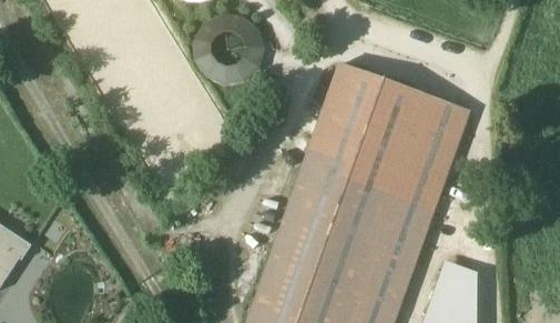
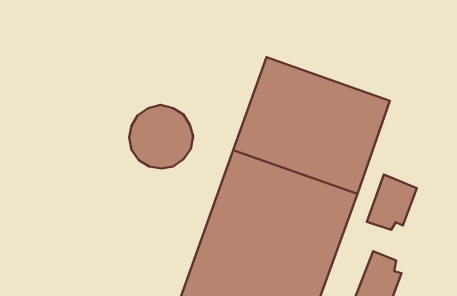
building: [194,14,262,82] -> [129,105,193,169]
building: none -> [367,174,417,230]

